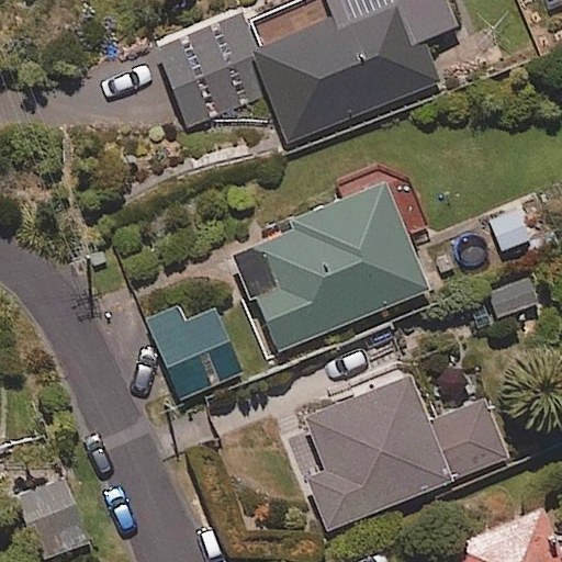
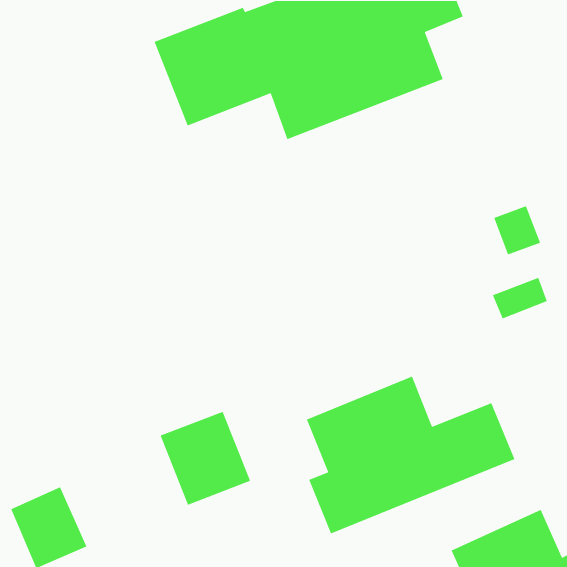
building: [235,180,425,350] -> none
building: [151,307,241,401] -> [159,411,251,506]

